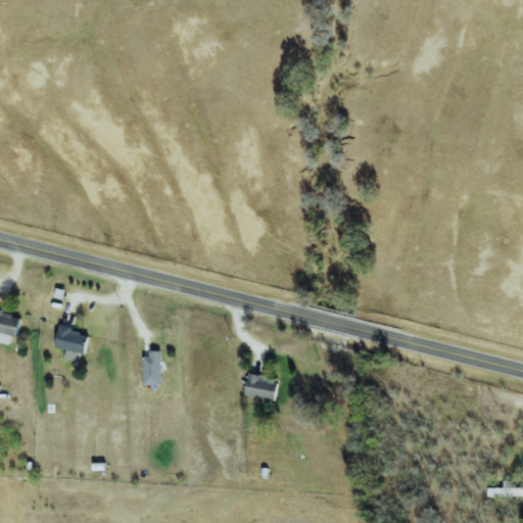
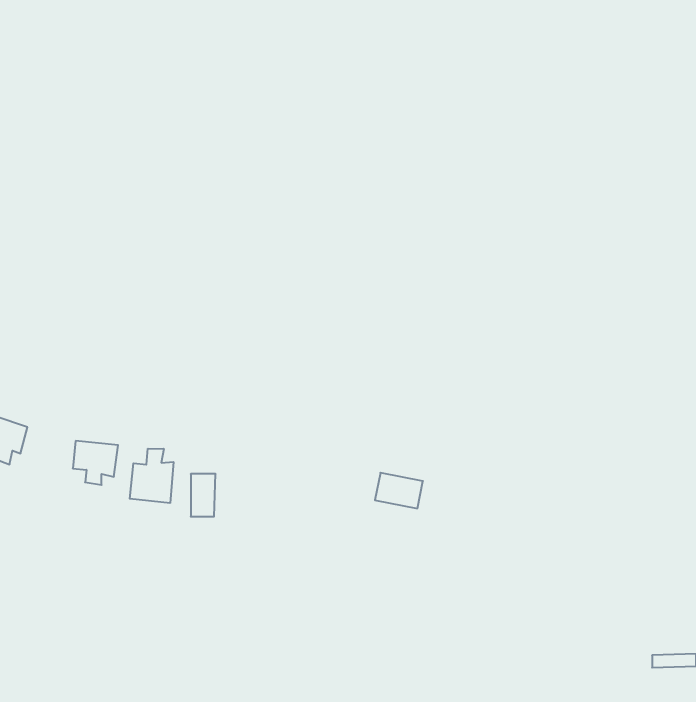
building: none -> [130,449,173,503]
building: [243,374,279,400] -> [375,473,423,508]

